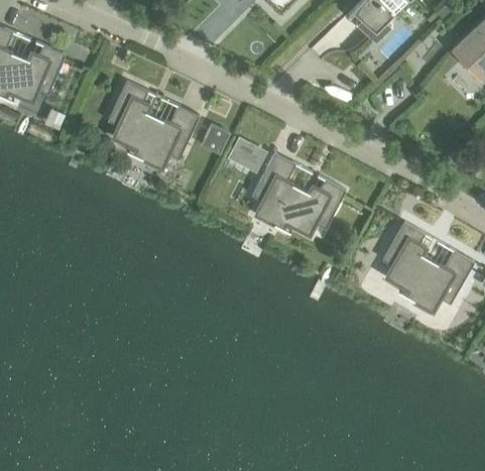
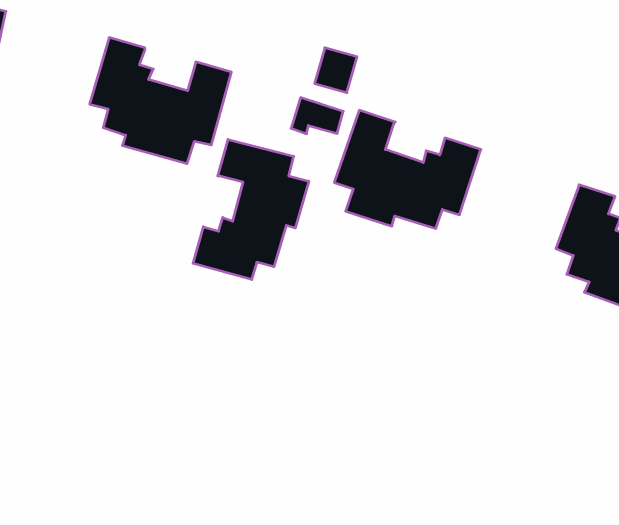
building: [201,124,230,154] -> [315,48,357,93]
building: none -> [193,139,309,280]

